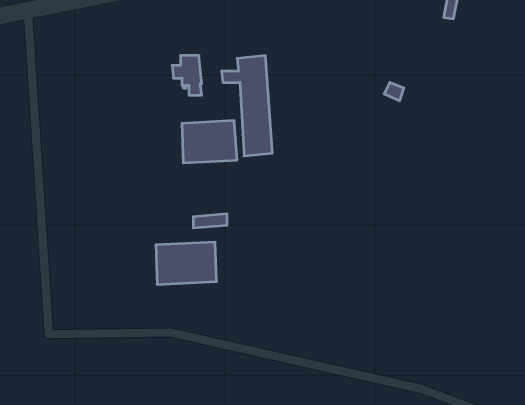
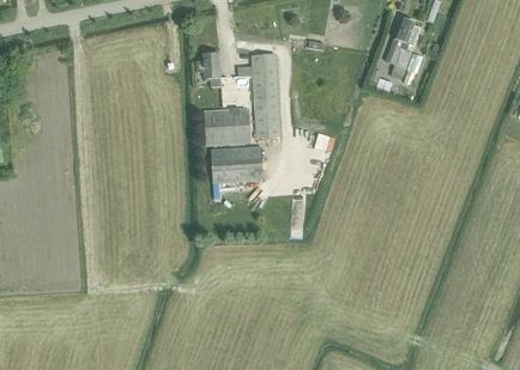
building: none -> [386,17,421,75]
building: [156,242,217,284] -> [211,146,262,182]

